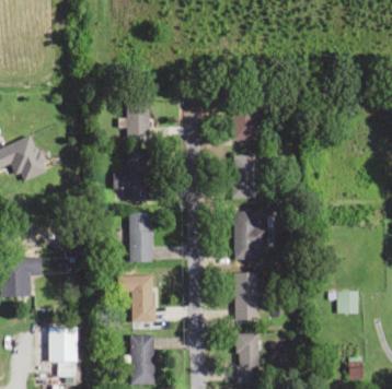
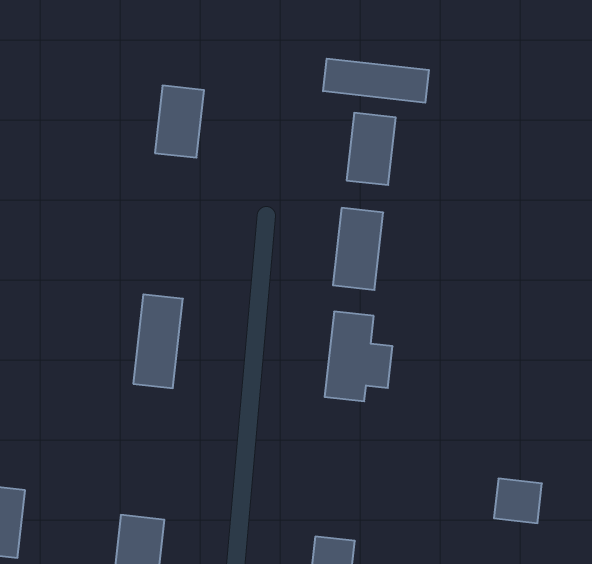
building: none -> [323,59,429,103]
building: [126,152,151,202] -> none
building: [235,272,258,319] -> none
building: [130,276,154,322] -> none

